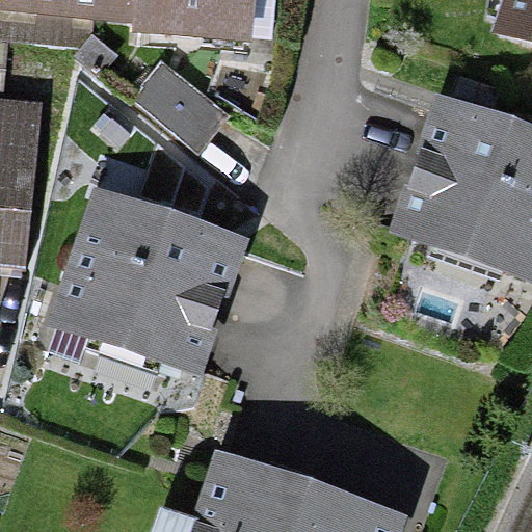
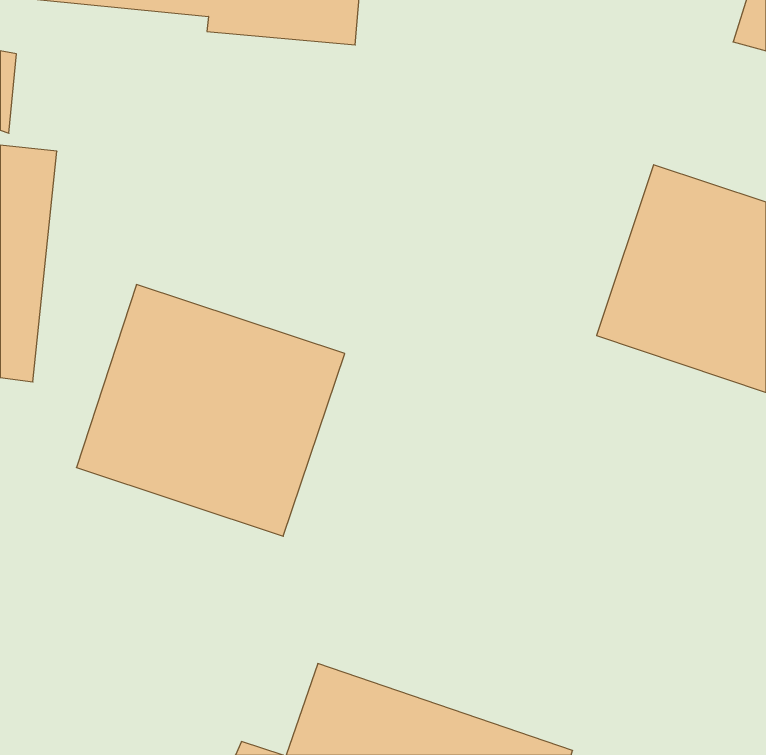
building: [135,63,221,145] -> none

